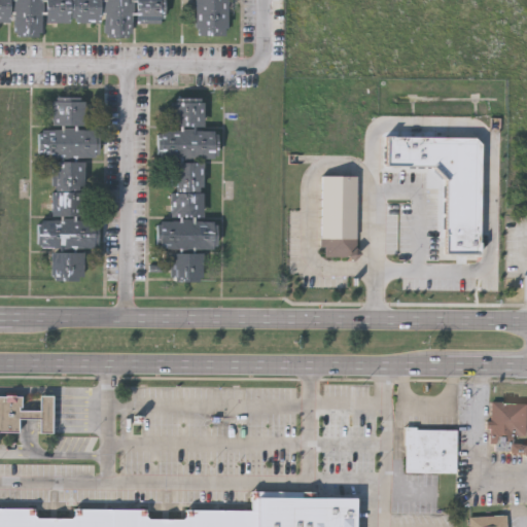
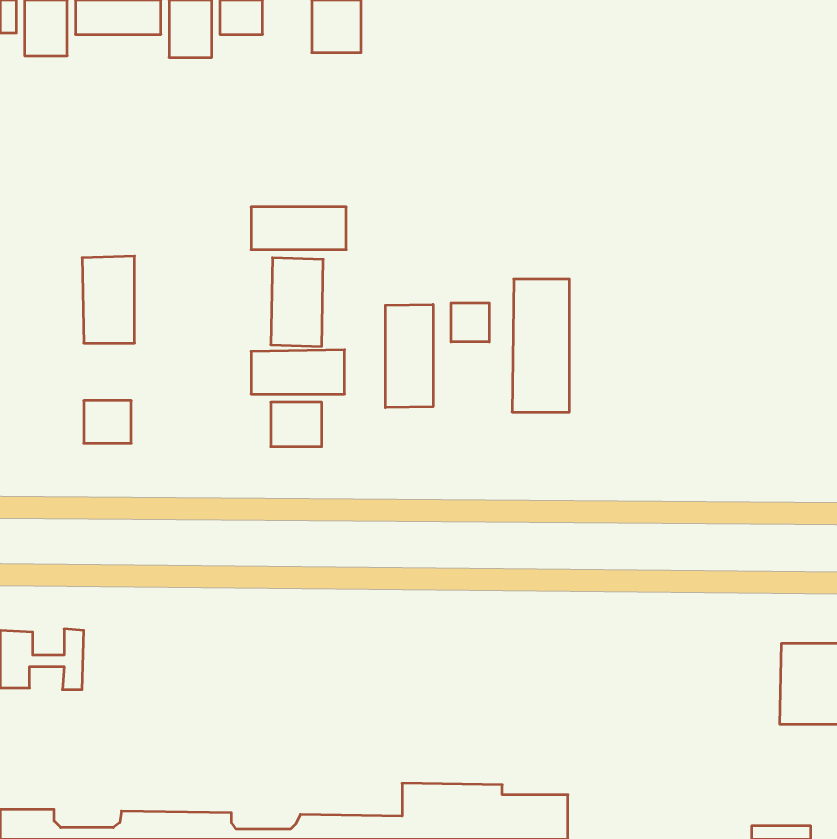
building: [54,97,85,125] -> none
building: [173,97,204,126] -> none
building: [39,129,98,156] -> none
building: [387,136,482,254] -> none
building: none -> [451,303,489,342]
building: none -> [385,304,433,408]
building: [39,219,99,246] -> none
building: [406,431,458,476] -> none

